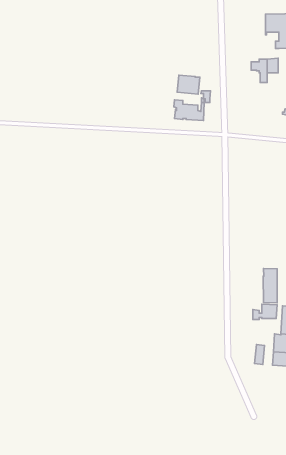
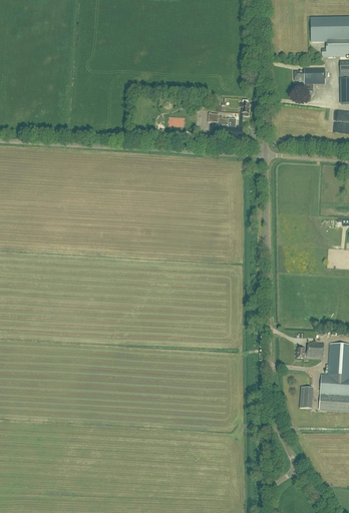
building: [177,75,200,94] -> none
building: [263,268,277,303] -> none

